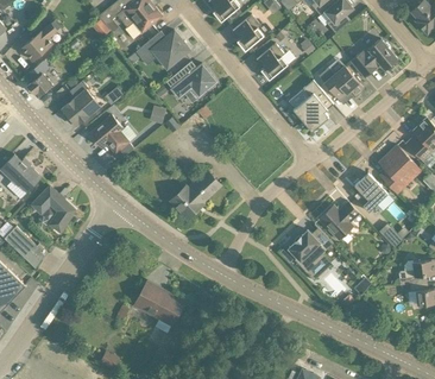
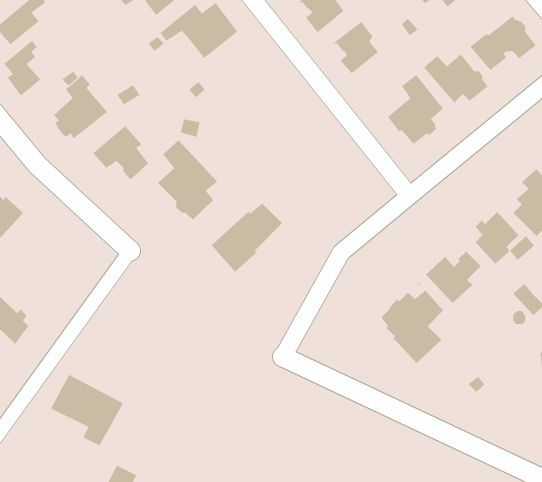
building: [165,61,216,99] -> none
building: none -> [157,139,218,221]
building: [31,185,75,232] -> none
building: [133,280,184,330] -> [50,374,124,446]

